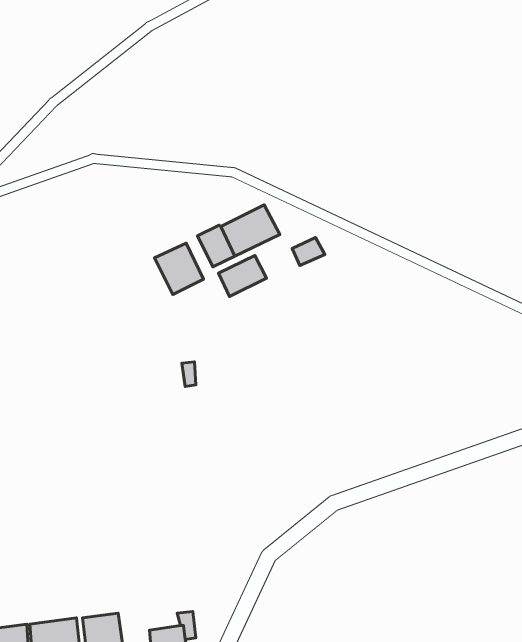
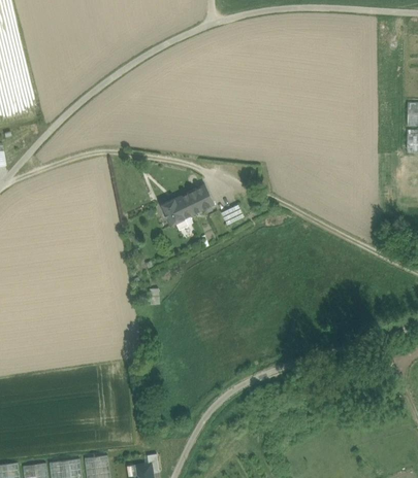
building: [154,243,203,295] -> none
building: [219,255,266,297] -> none

